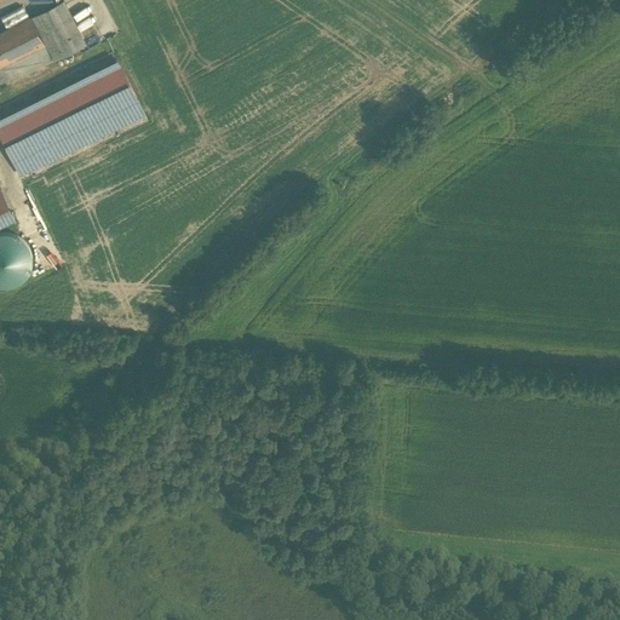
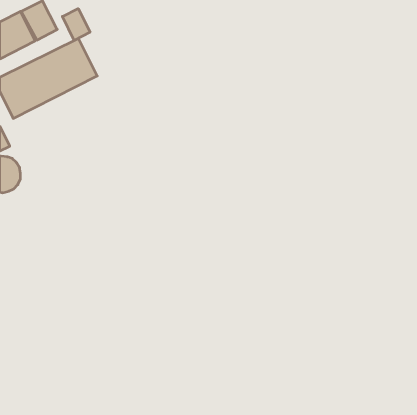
building: none -> [62,9,90,41]

